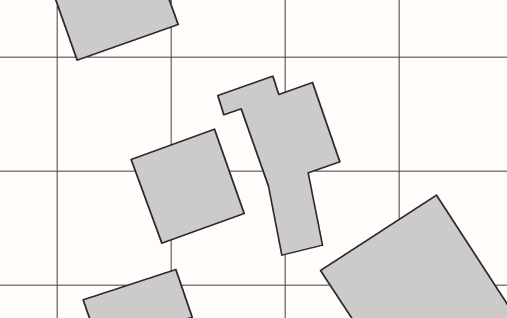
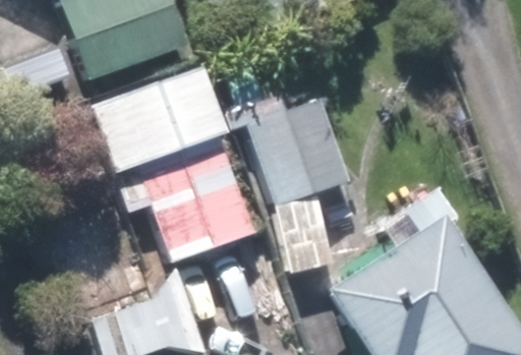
building: none -> [89,68,225,172]

